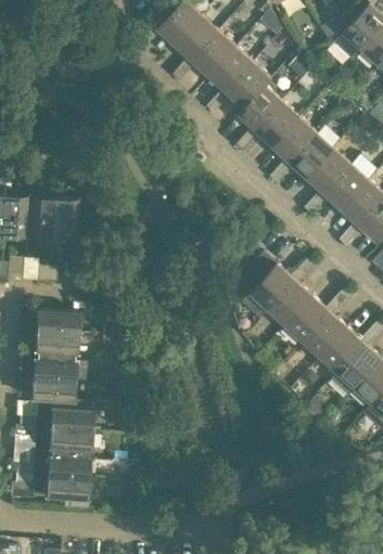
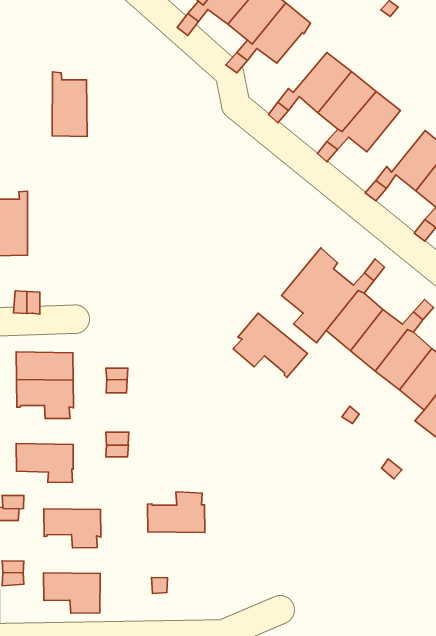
building: [238,87,282,131] -> none
building: [307,150,352,195] -> none
building: [49,192,77,242] -> [52,72,87,136]
building: none -> [233,313,307,377]
building: [31,351,75,383] -> none
building: [49,401,92,433] -> [148,492,205,532]
building: [46,449,89,480] -> none

